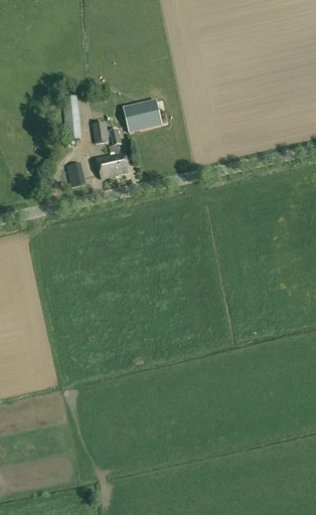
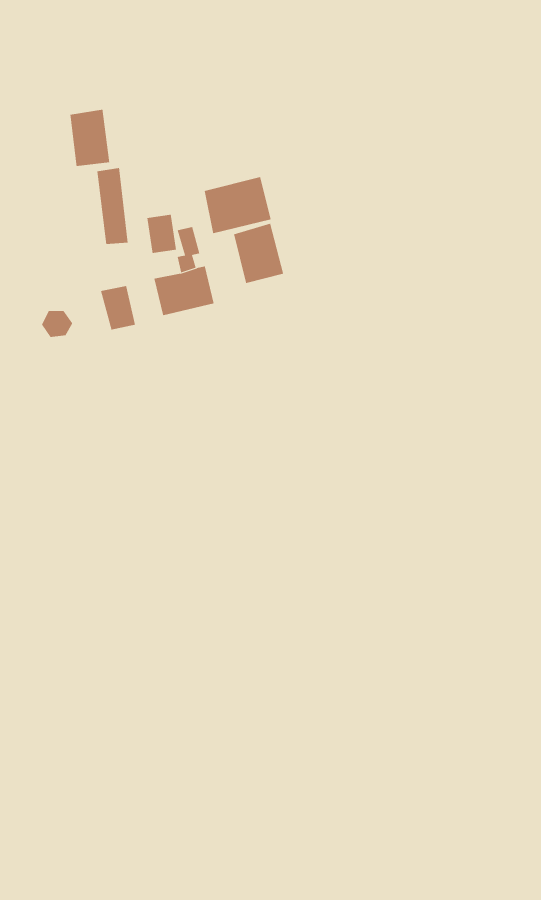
building: none -> [70,109,110,167]
building: none -> [233,223,284,284]

